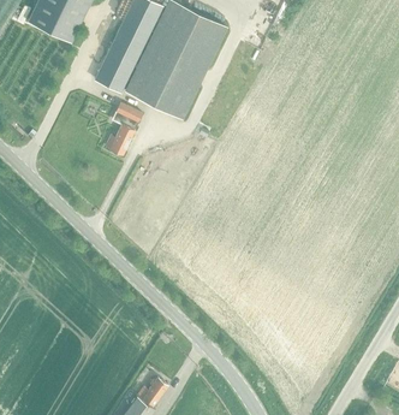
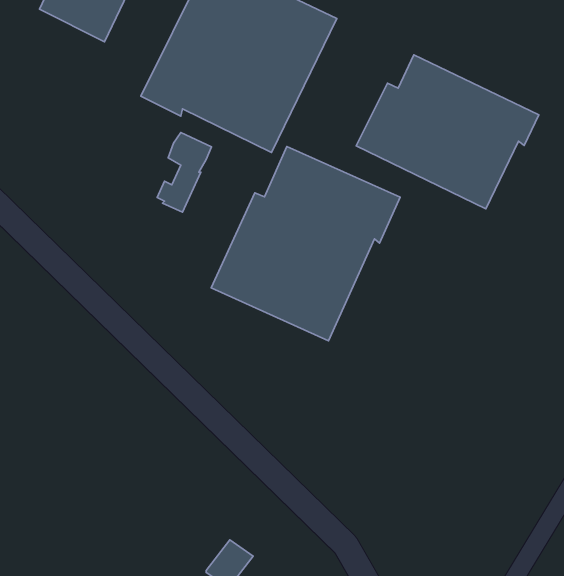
building: none -> [356,55,539,209]
building: none -> [211,147,400,341]

